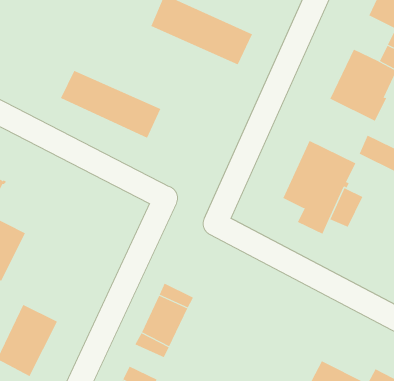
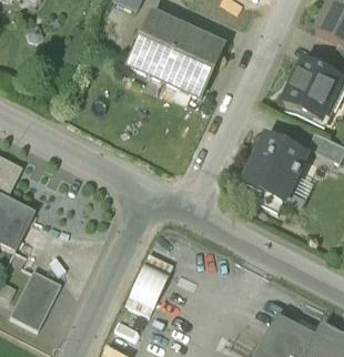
building: [60,70,161,139] -> [125,40,209,96]

